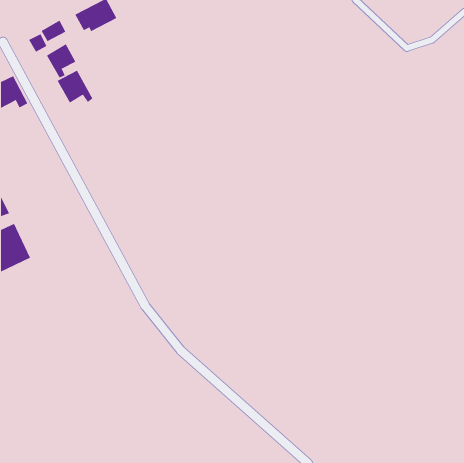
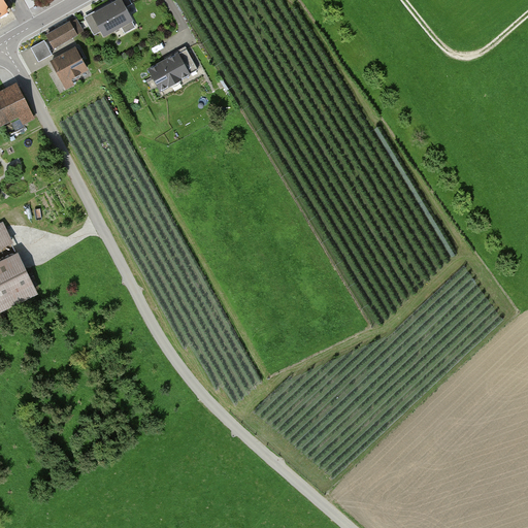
building: none -> [147,45,200,92]
building: [57,70,93,103] -> none

